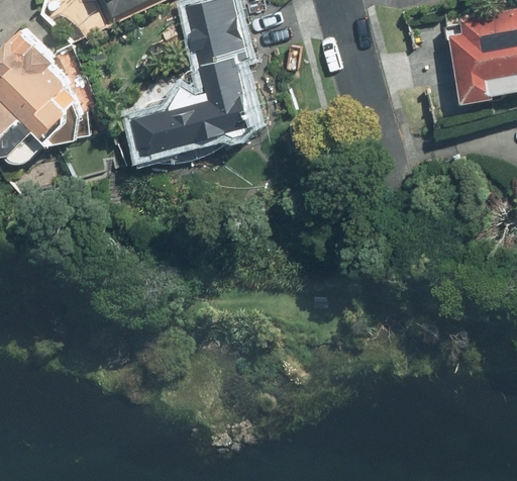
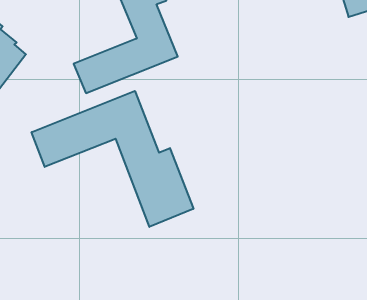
building: none -> [32,91,193,227]

